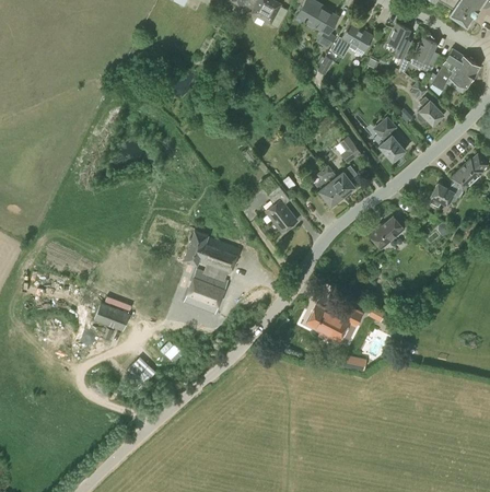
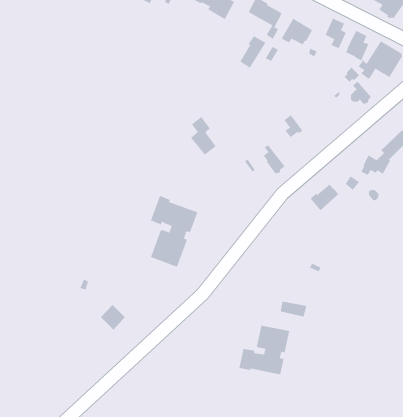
building: none -> [239,35,266,69]
building: [373,117,404,162] -> none
building: [322,165,357,196] -> none
building: [266,186,296,232] -> [190,116,217,156]
building: [94,302,129,330] -> none
building: [306,304,362,341] -> none
building: none -> [239,325,290,375]

